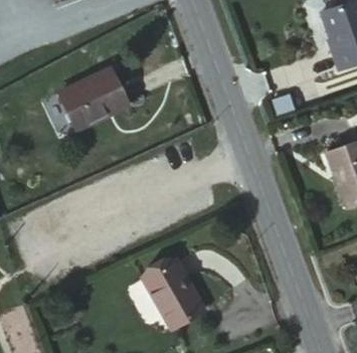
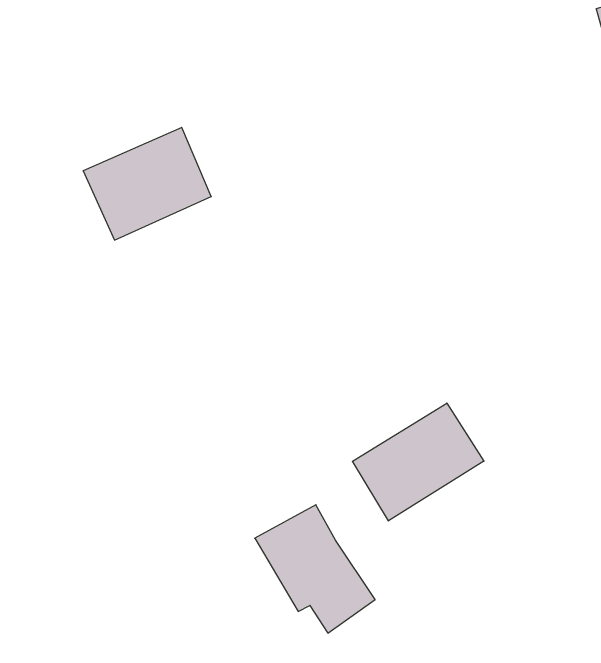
building: none -> [352,403,484,521]

